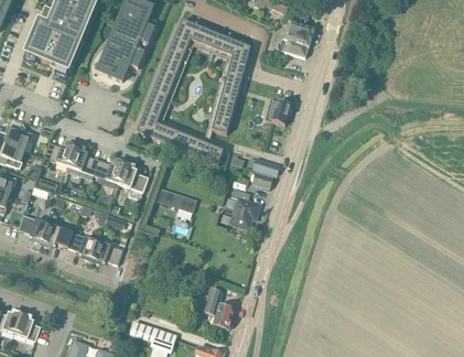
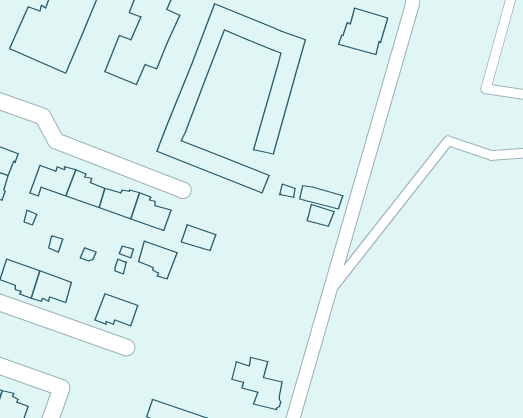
building: [265,97,291,126] -> none
building: [231,188,259,227] -> none
building: [68,231,98,260] -> [138,241,177,279]

